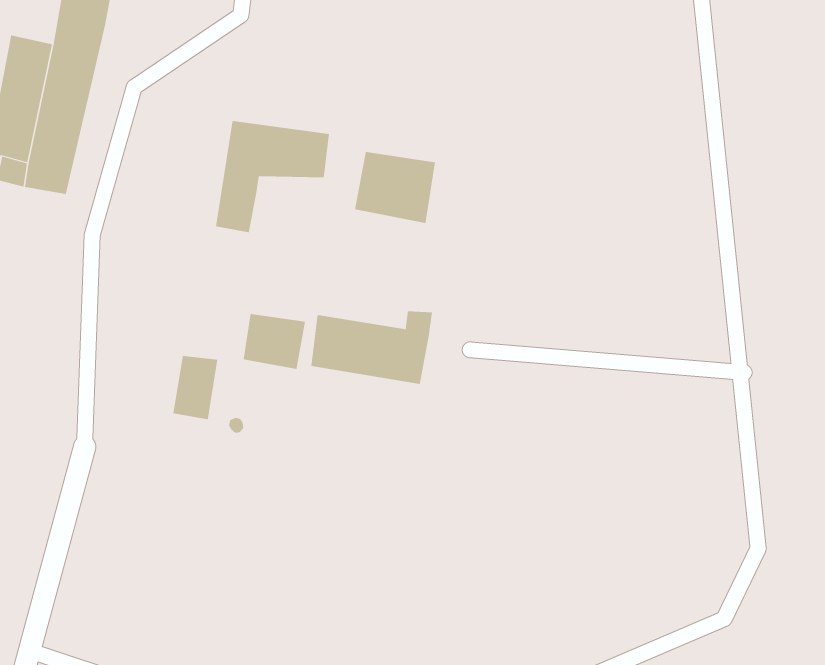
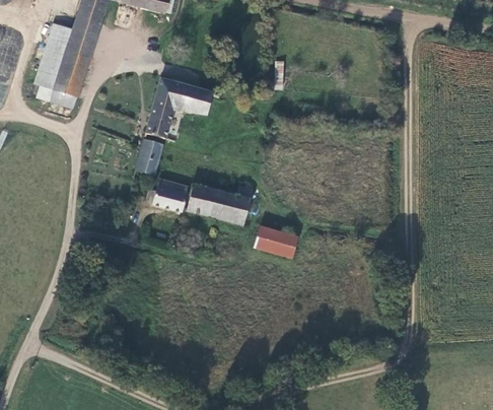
building: [355,151,436,224] -> none
building: [172,355,218,420] -> [136,140,162,175]
building: none -> [255,225,296,258]

